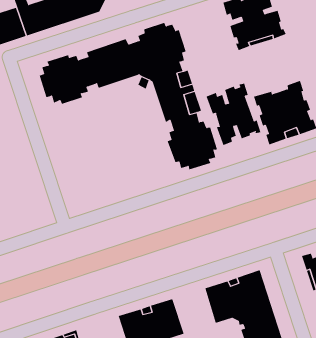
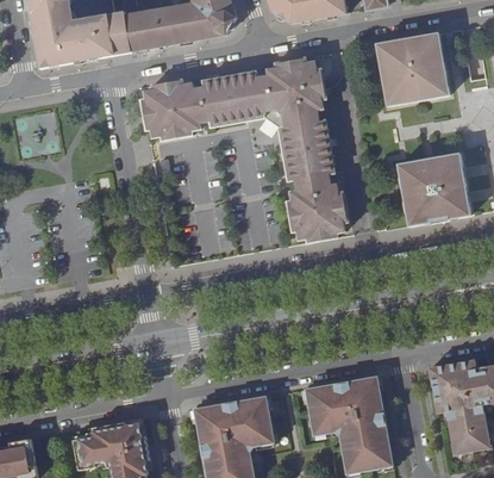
building: [206,83,261,146] -> none

